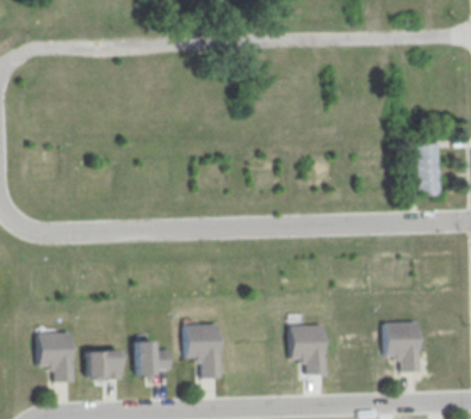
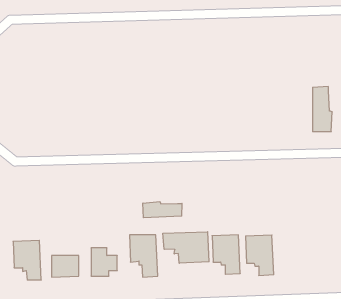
building: none -> [143,202,182,218]
building: none -> [163,232,209,263]
building: [384,321,420,372] -> [246,235,274,275]

